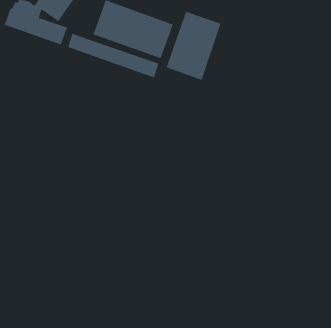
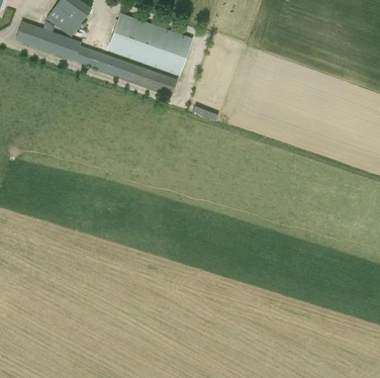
building: [165,11,222,81] -> none

